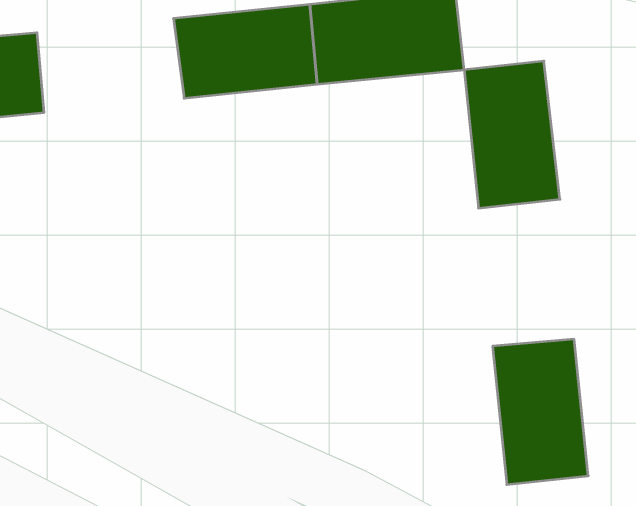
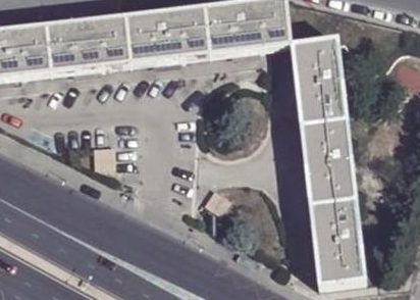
building: none -> [46,15,130,69]
building: none -> [300,119,355,204]

